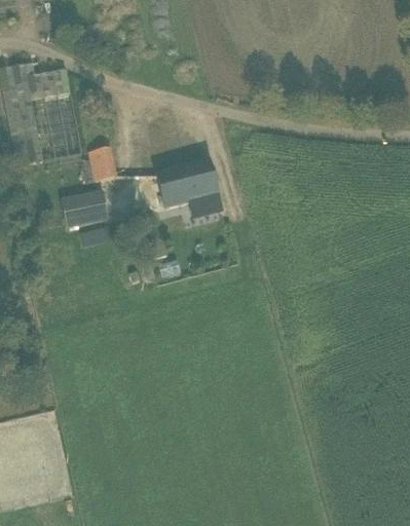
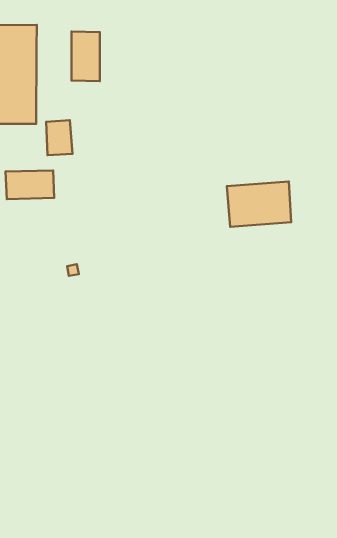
building: none -> [71,32,100,81]
building: [156,158,218,206] -> [227,182,291,227]

